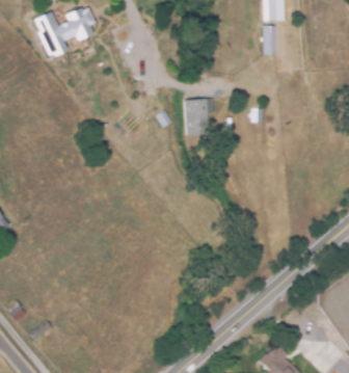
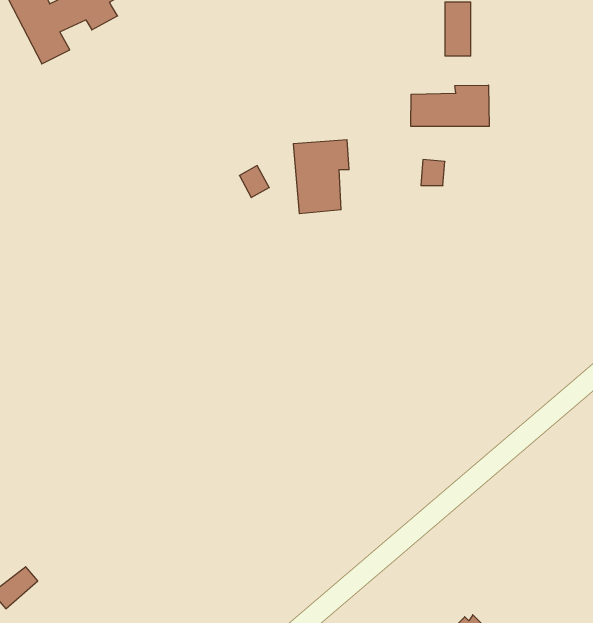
building: none -> [411,85,489,126]

